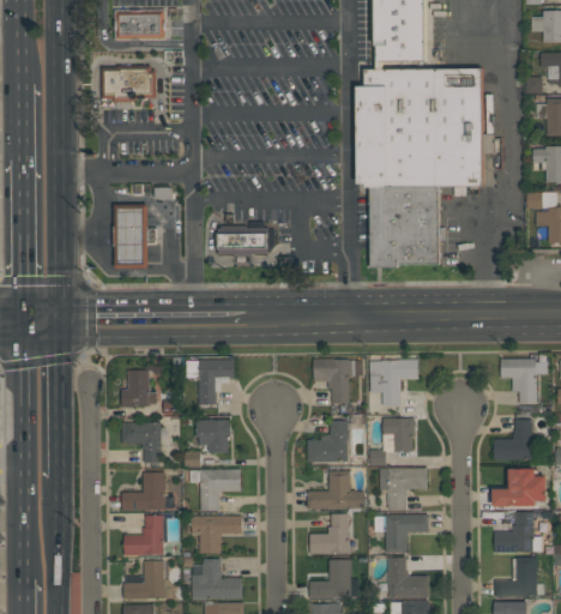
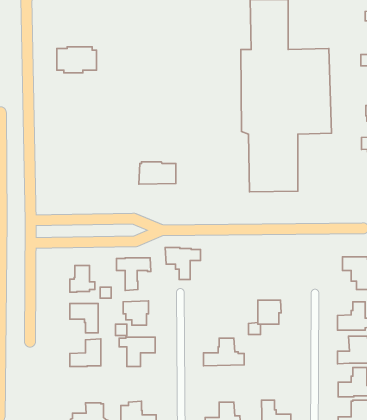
building: [117,8,167,44] -> none
building: [116,206,150,266] -> none
building: [313,359,362,403] -> [165,248,201,280]
building: [369,360,418,407] -> none
building: [307,421,348,462] -> none
building: [379,469,427,510] -> none
building: [309,513,349,554] -> none
building: [374,514,428,553] -> none
building: [123,516,163,555] -> none
building: [192,516,242,554] -> none

